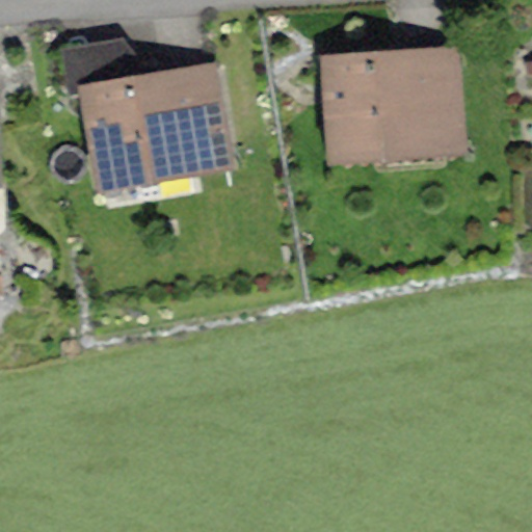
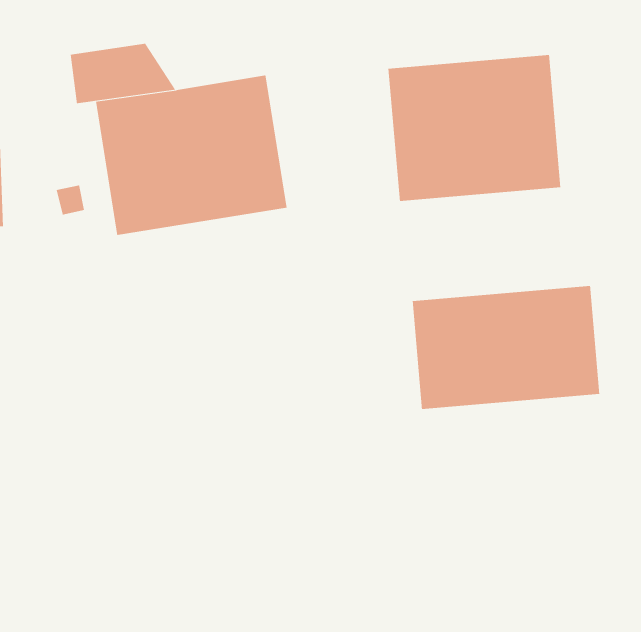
building: none -> [412,285,600,410]

